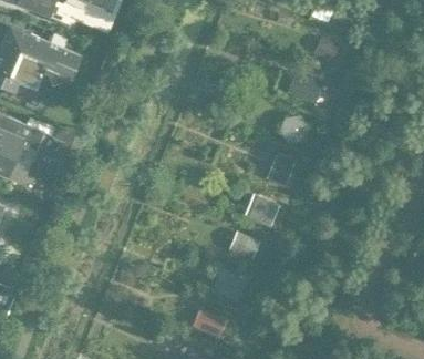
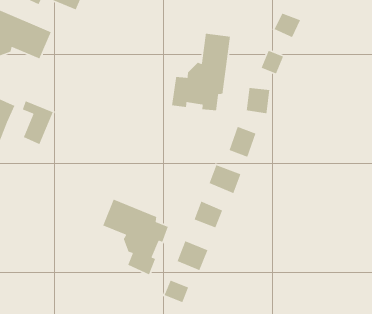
building: none -> [171,33,231,111]
building: none -> [102,198,169,275]

